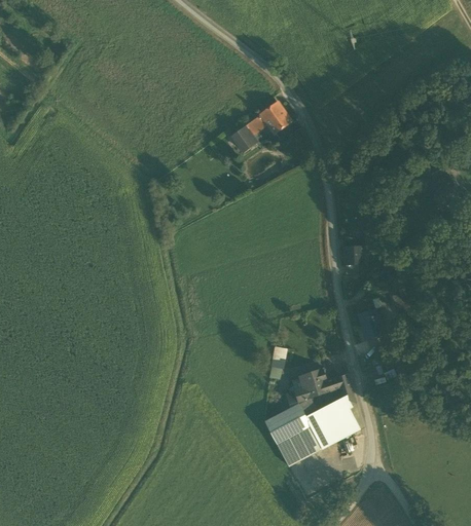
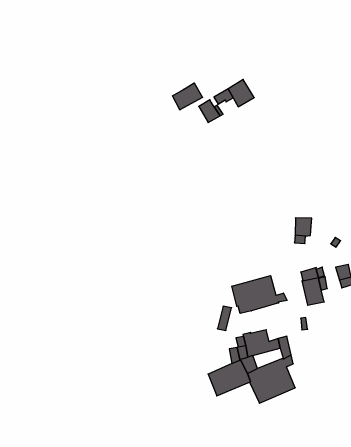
building: none -> [173,83,203,110]
building: none -> [232,276,287,313]
building: [276,426,322,465] -> none

